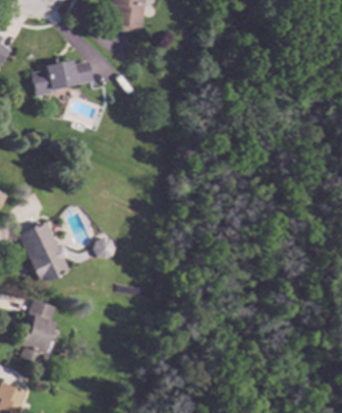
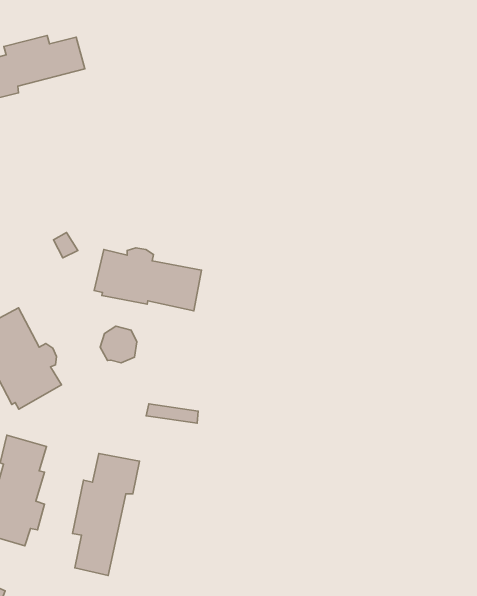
building: none -> [94,248,202,311]
building: none -> [73,454,140,576]

